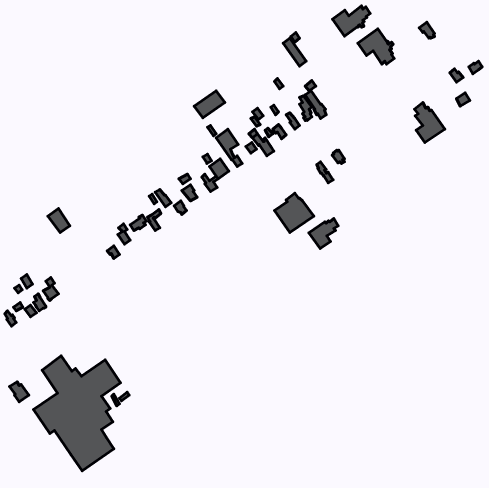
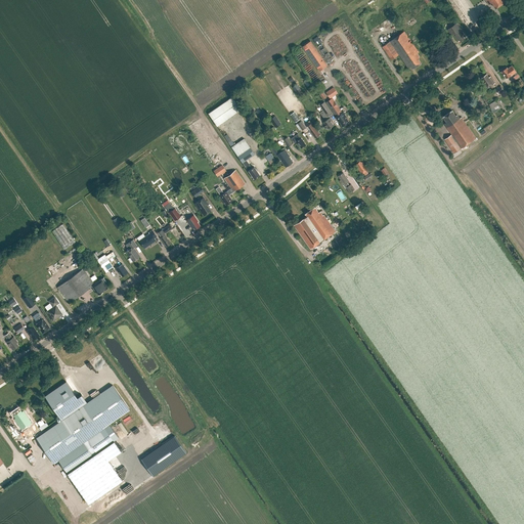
building: [332,6,370,36] -> none
building: [309,218,338,249] -> none
building: none -> [57,269,107,303]
building: none -> [140,436,186,477]

